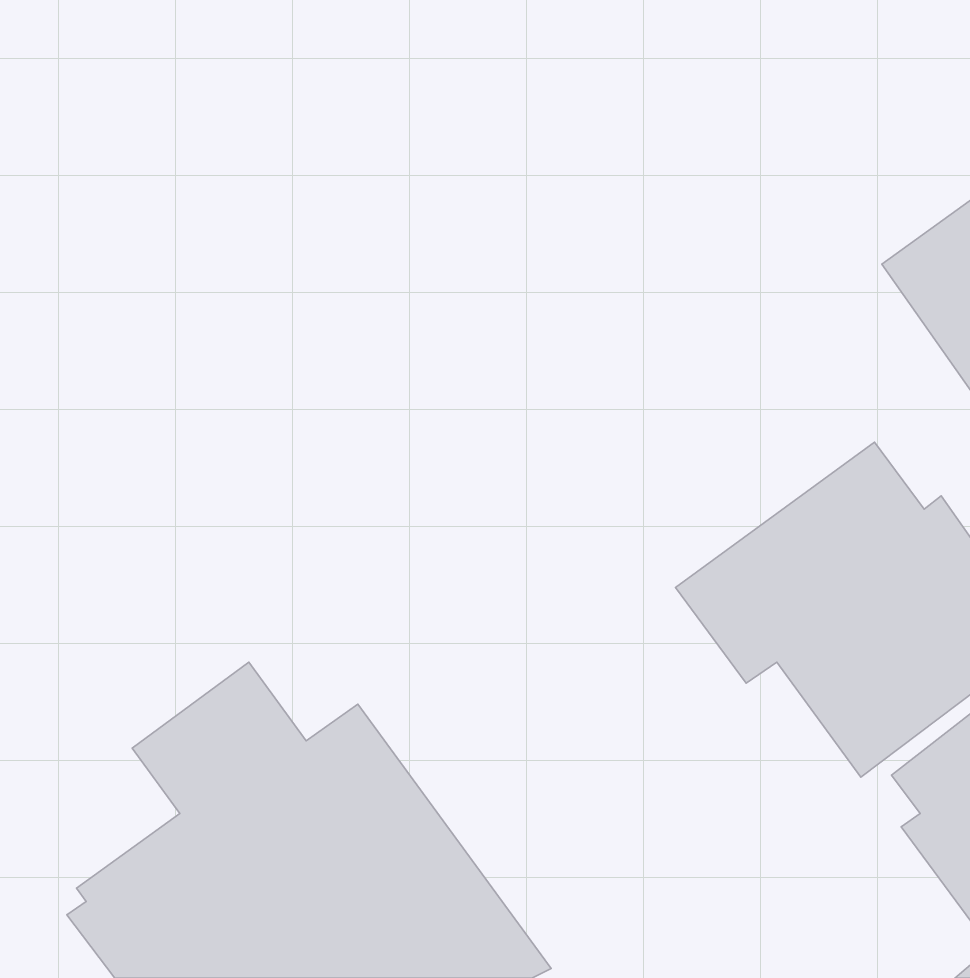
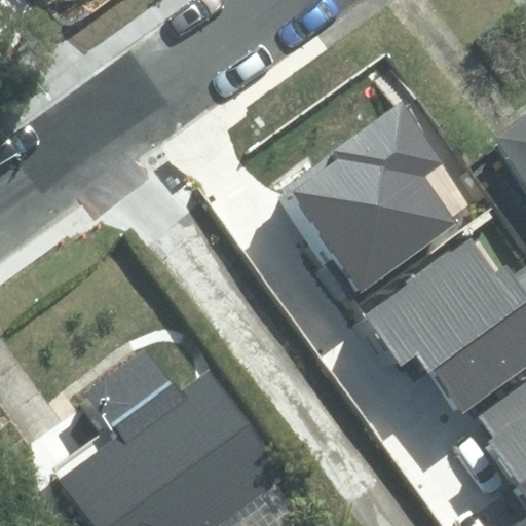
building: none -> [289,105,462,293]

